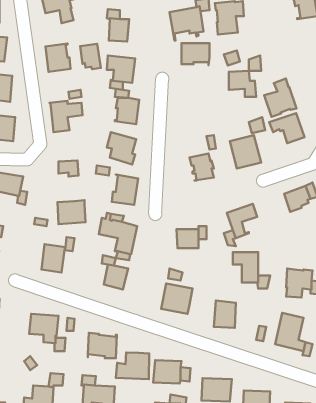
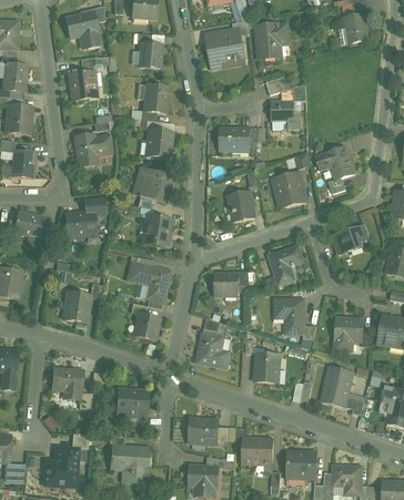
building: [181,43,210,65] -> [219,126,250,151]
building: [80,44,101,69] -> none
building: [264,79,296,117] -> none
building: [57,200,86,224] -> [64,212,95,238]
building: [116,352,149,379] -> none

